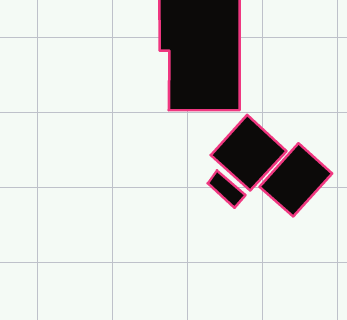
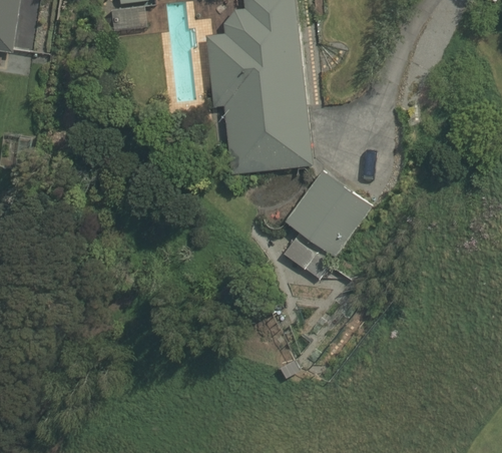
building: [260,143,332,216] -> none

